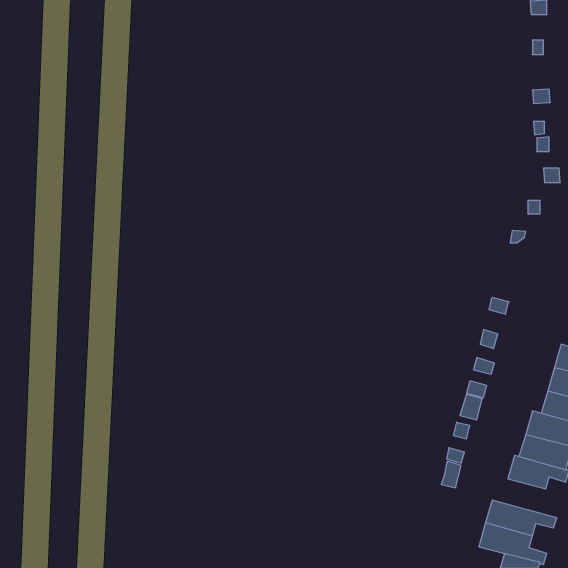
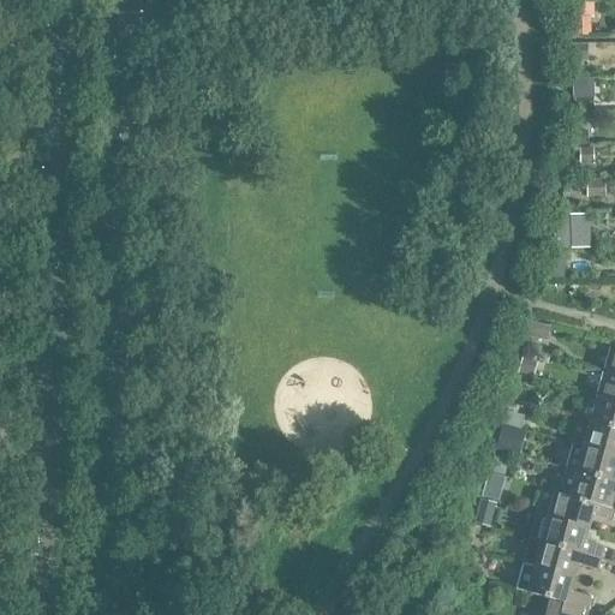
building: none -> [532,514,604,559]

